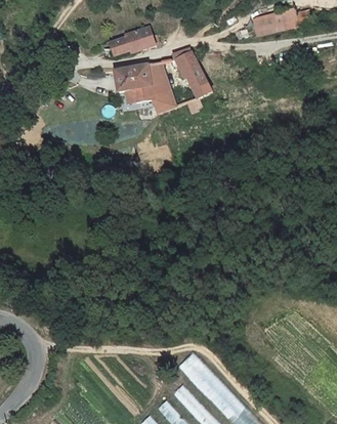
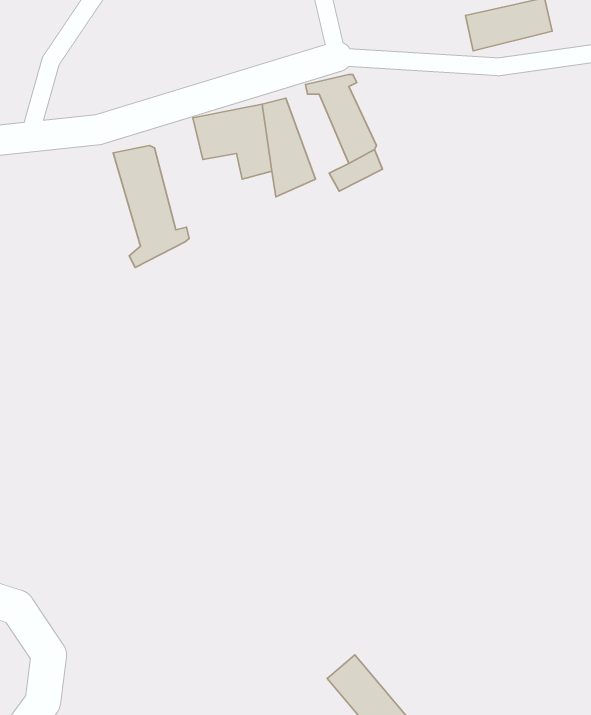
building: [111,29,153,53] -> none
building: none -> [113,145,189,267]

